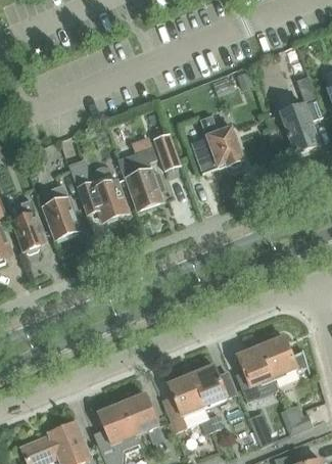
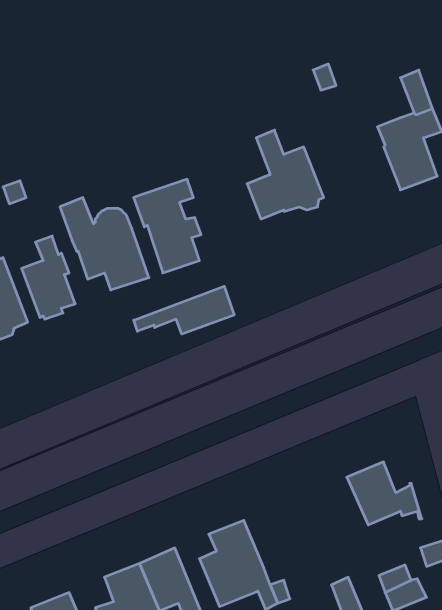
building: [153,133,180,170] -> none
building: none -> [134,286,234,334]
building: [236,345,274,387] -> none
building: [191,364,236,406] -> none

